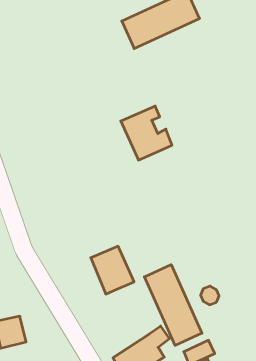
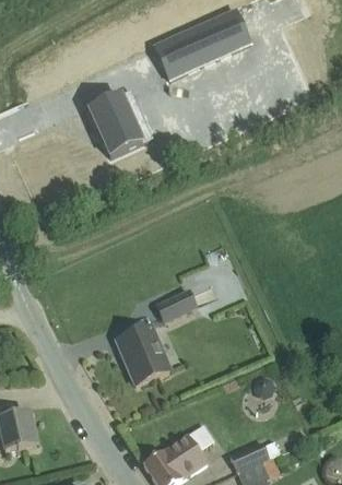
building: [121,106,172,160] -> [86,91,150,157]
building: none -> [155,288,196,320]
building: [144,265,202,345] -> none

